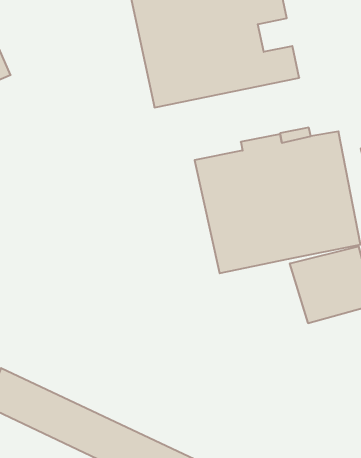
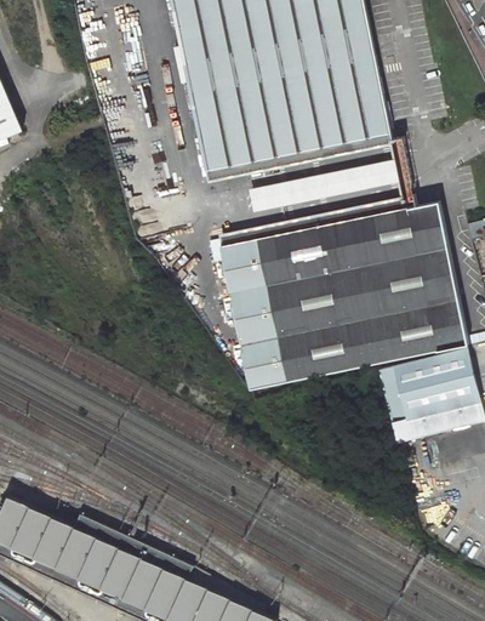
building: none -> [337,58,381,101]
building: none -> [245,150,399,211]
building: none -> [219,213,318,388]

